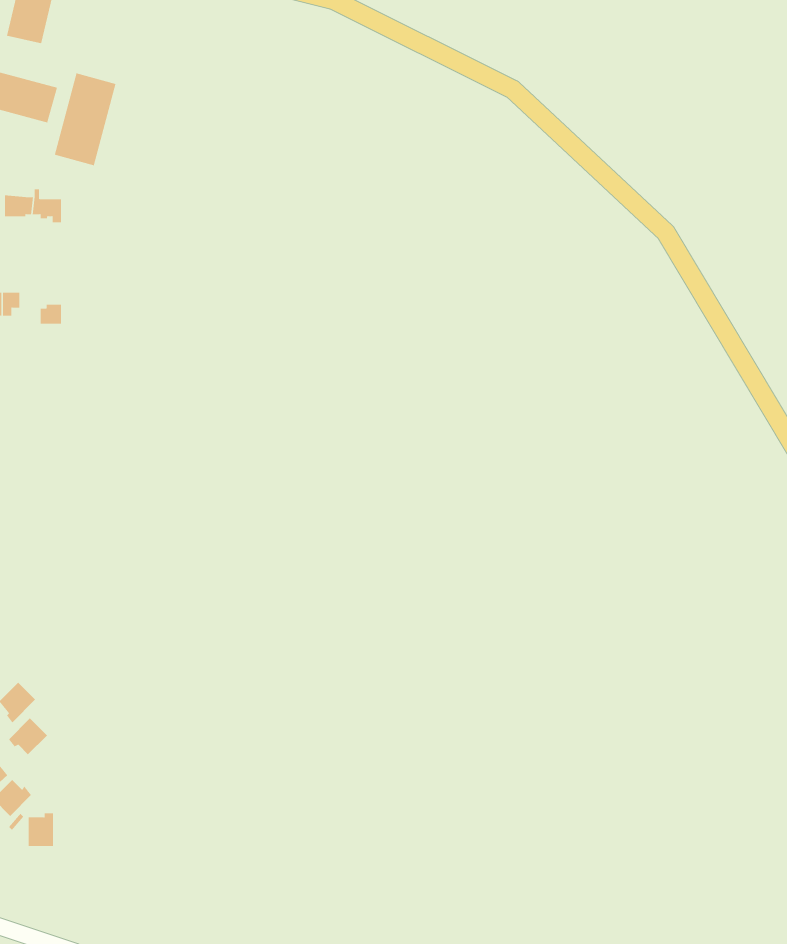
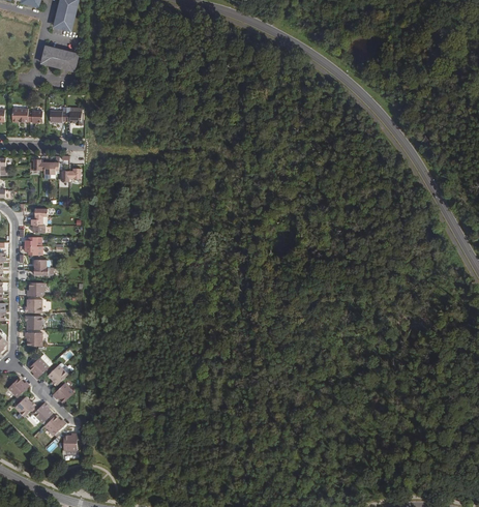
building: [54,72,116,166] -> none

